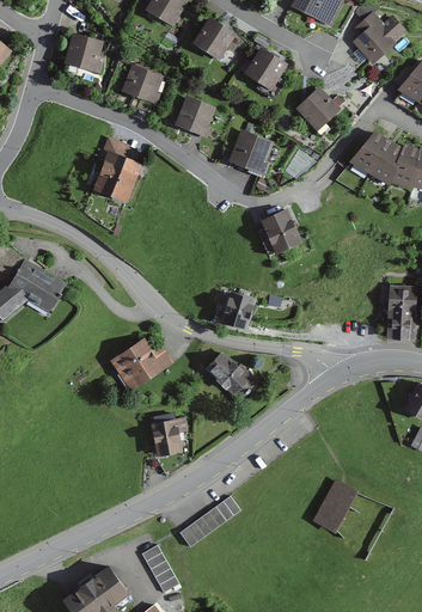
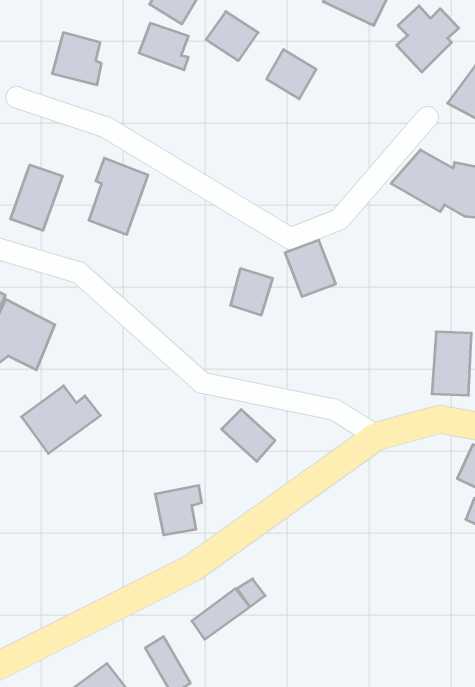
building: [118,66,160,105] -> [139,23,188,70]
building: [294,85,341,131] -> none
building: [172,96,215,136] -> none
building: [230,131,275,175] -> none
building: none -> [11,165,62,230]
building: [220,292,256,331] -> [230,269,273,315]
building: [106,337,173,394] -> [21,386,101,454]
building: [312,478,359,532] -> none

